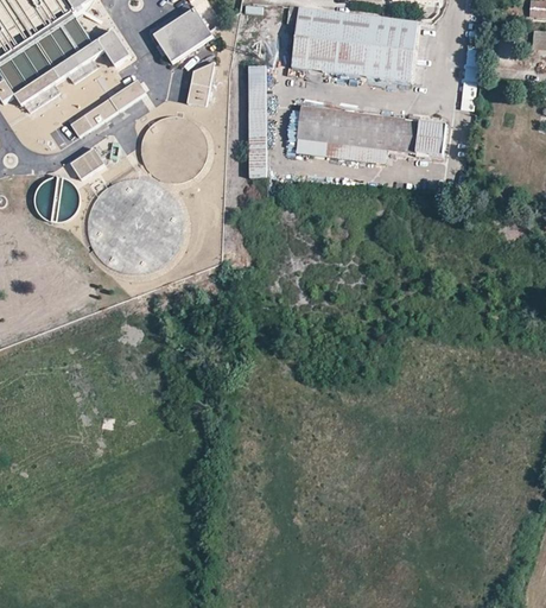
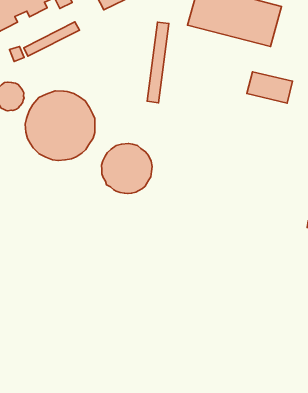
building: [186,62,214,107] -> none
building: [296,107,388,162] -> none
building: [139,115,209,184] -> [101,143,152,194]
building: [70,148,103,179] -> none

